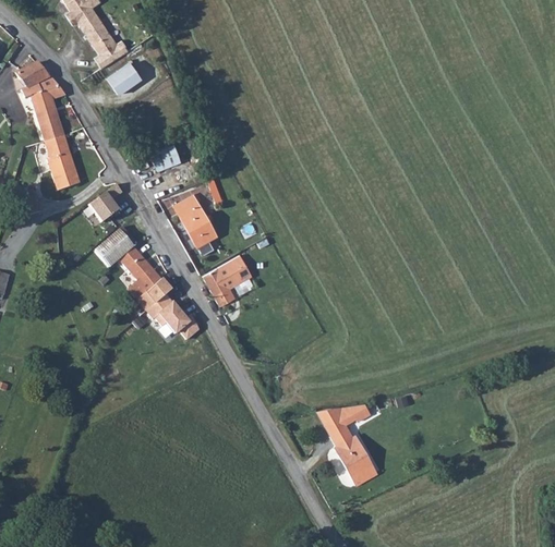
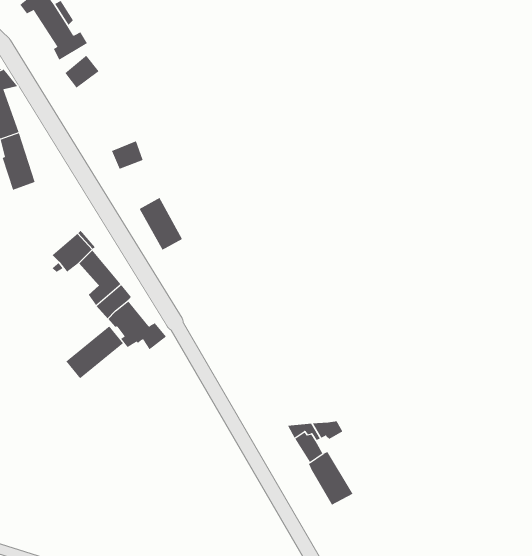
building: [87,182,122,221] -> none
building: [204,255,250,306] -> none
building: none -> [65,325,124,379]

